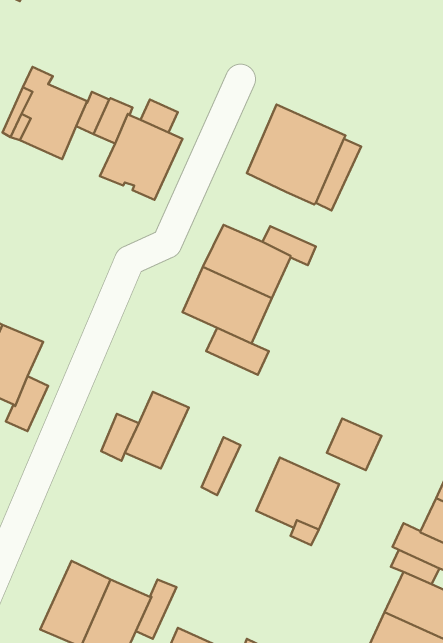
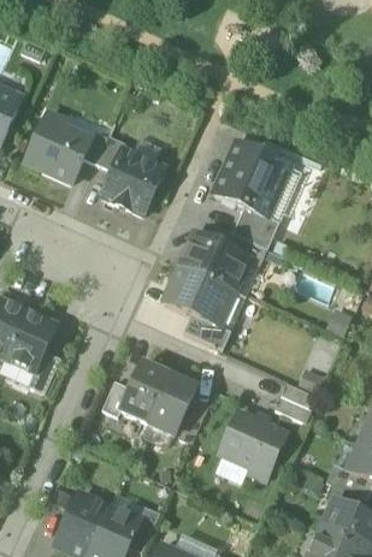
building: none -> [232,207,281,249]
building: none -> [148,373,196,433]

